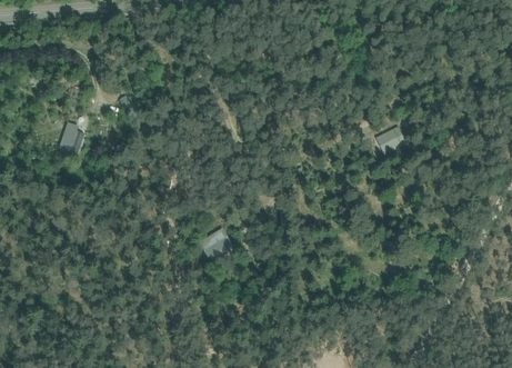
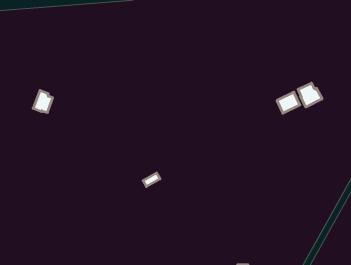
building: none -> [298,83,322,107]

